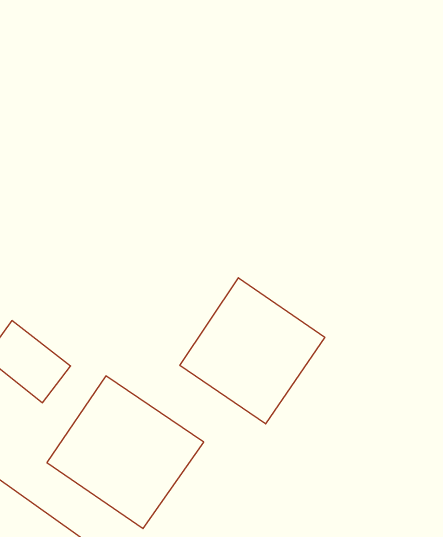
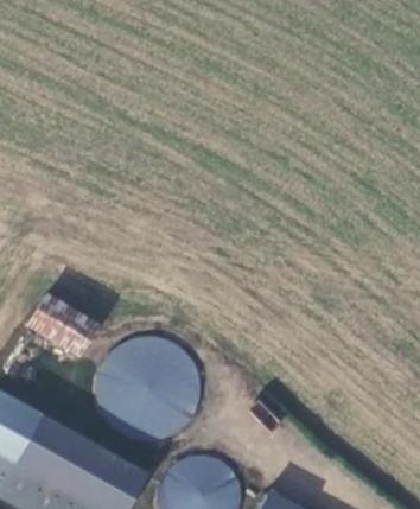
building: [180,278,325,424] -> none

